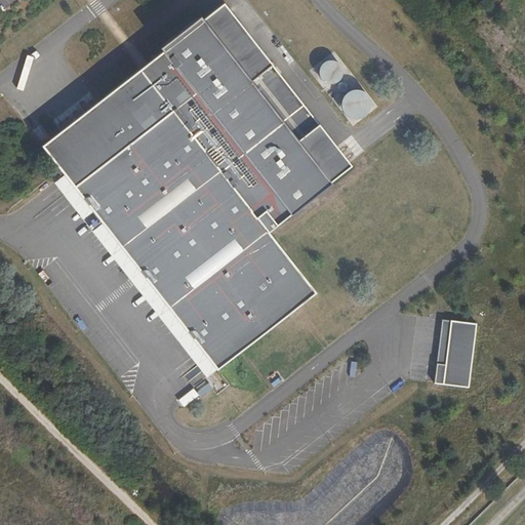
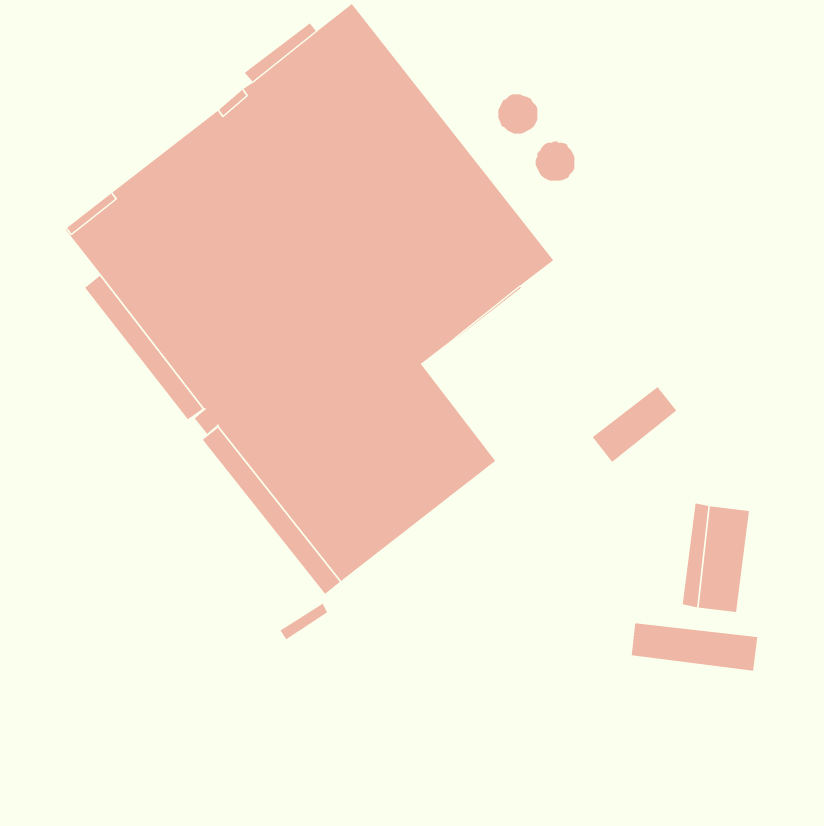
building: none -> [592,386,677,463]
building: none -> [631,622,758,671]

